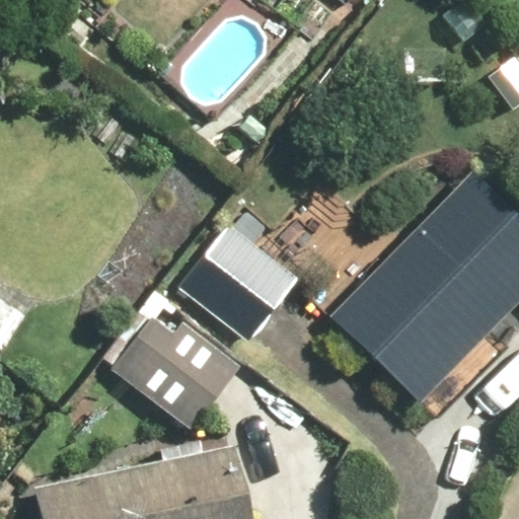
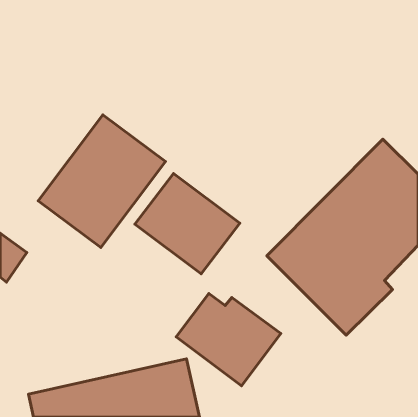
building: none -> [38,115,165,247]
building: [112,316,241,431] -> [176,293,281,386]

